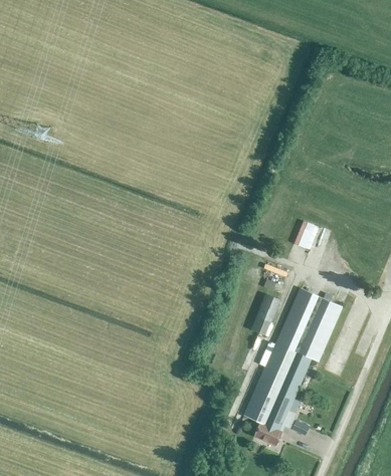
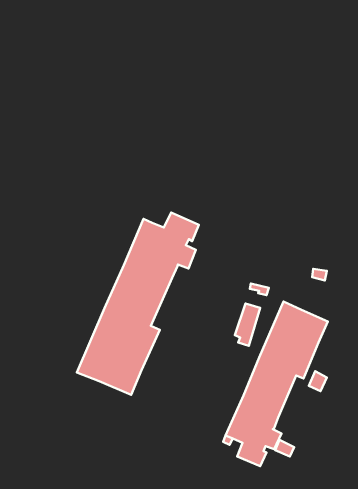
building: none -> [77,212,199,395]

